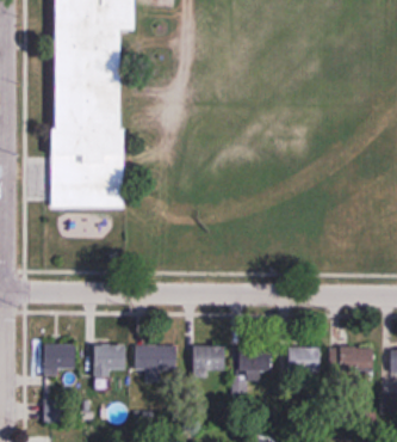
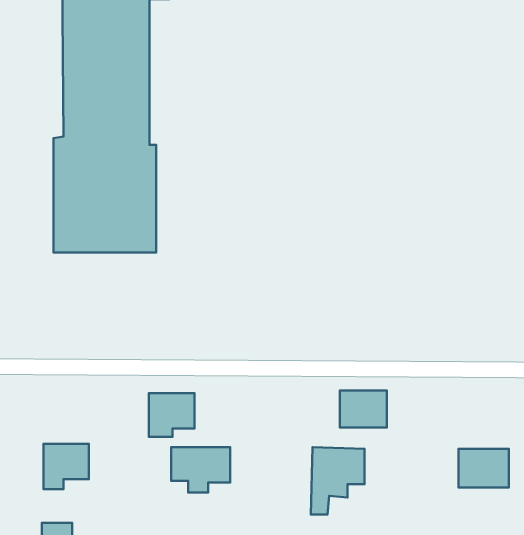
building: [93,346,125,377] -> [149,393,194,437]
building: [192,346,224,372] -> none
building: [286,348,320,374] -> [340,390,387,427]

